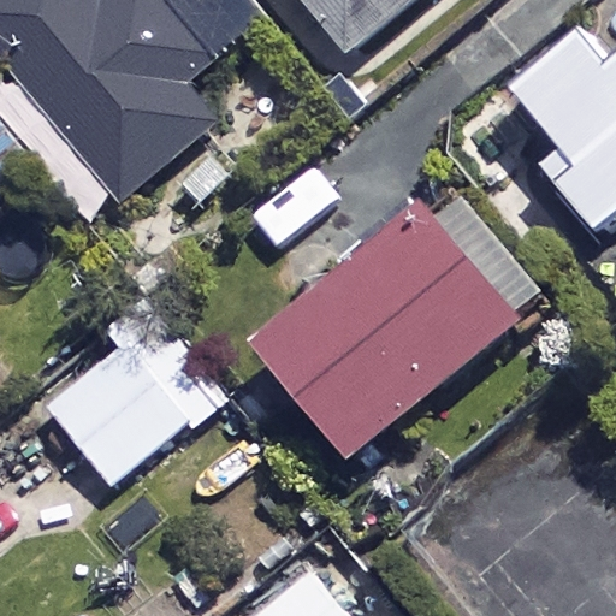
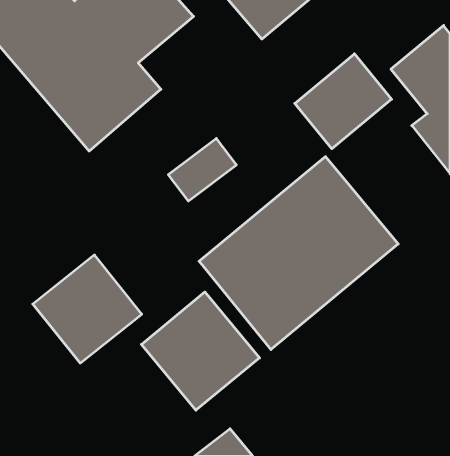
building: none -> [295,54,392,149]
building: none -> [141,292,260,410]

